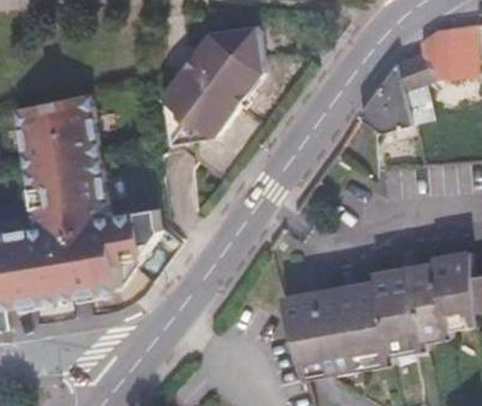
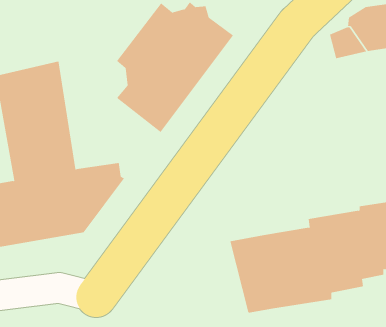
building: [362,61,415,130] -> none

